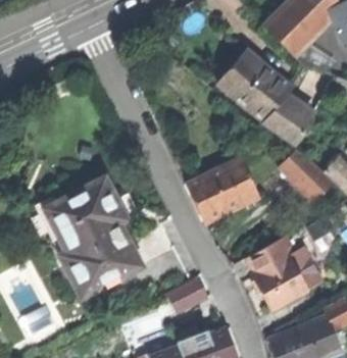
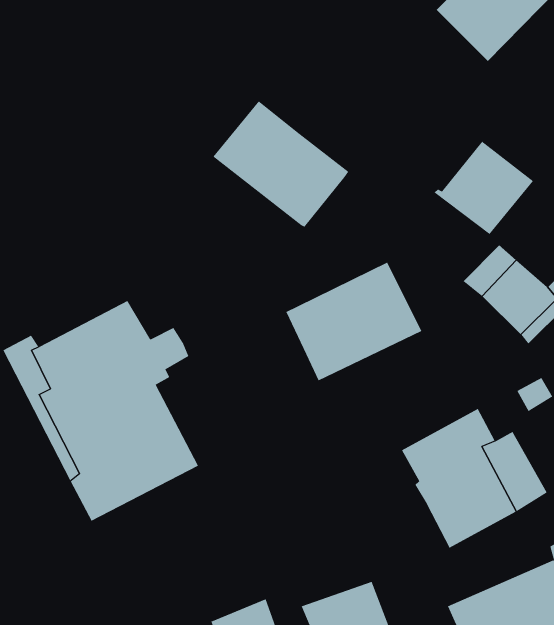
building: [218,53,291,120] -> [212,101,349,228]
building: [170,274,214,312] -> none

